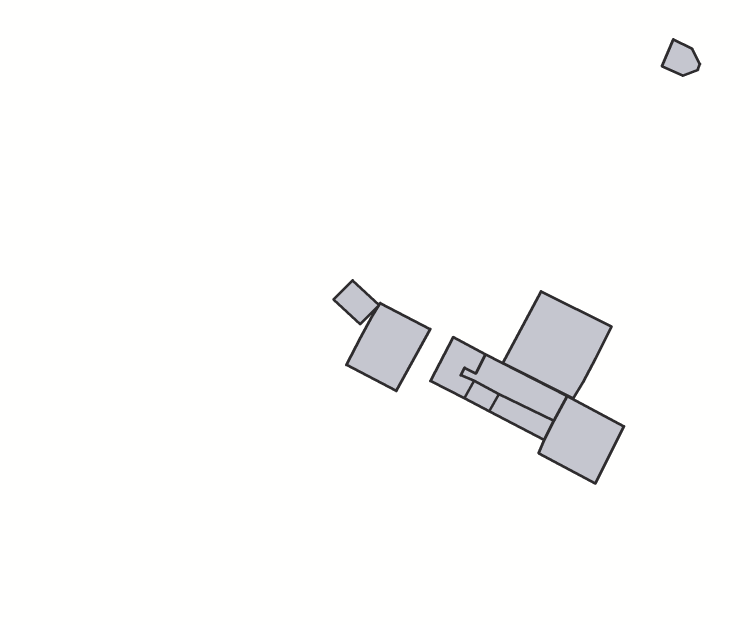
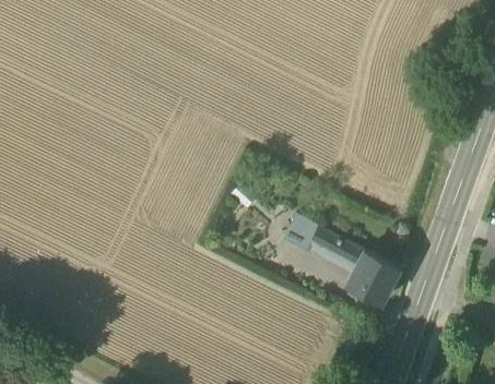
building: [503,291,611,398] -> none
building: [346,303,430,391] -> none

